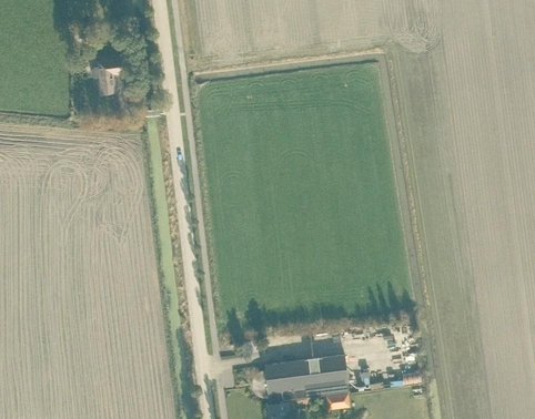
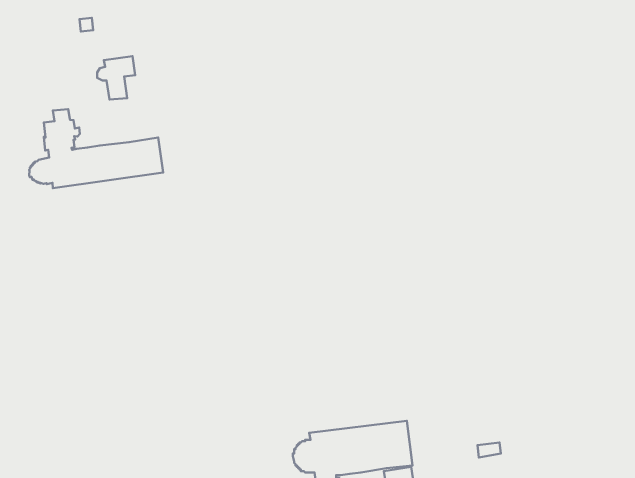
building: none -> [29,109,163,188]

